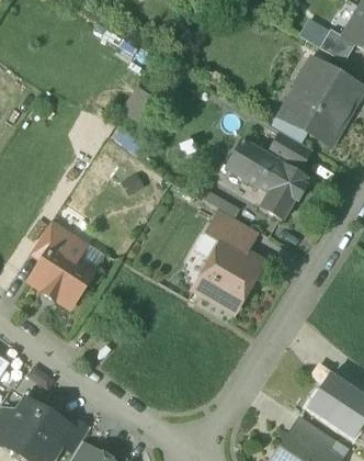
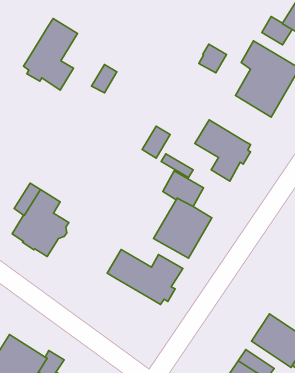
building: none -> [24,19,77,90]
building: none -> [199,44,226,73]
building: [266,131,312,173] -> none
building: [226,139,259,177] -> [142,126,170,158]
building: none -> [107,249,183,304]

